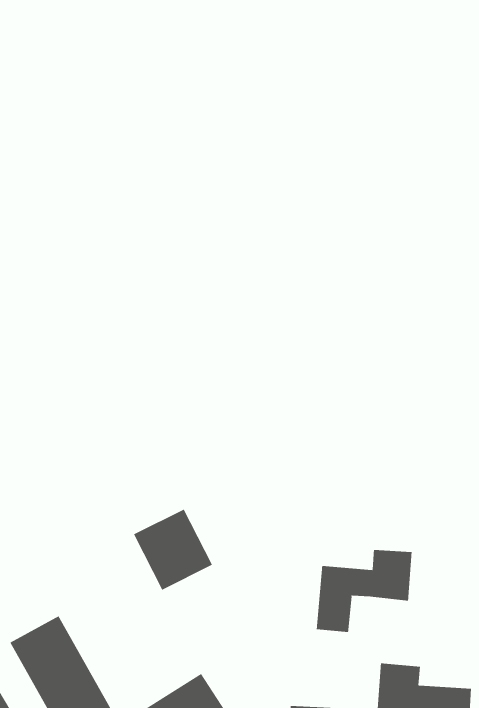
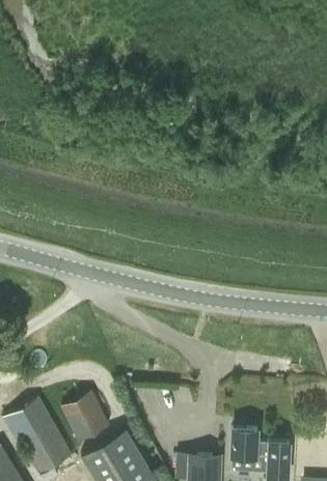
building: [133,509,213,590] -> [59,392,108,442]
building: [316,549,412,633] -> none

